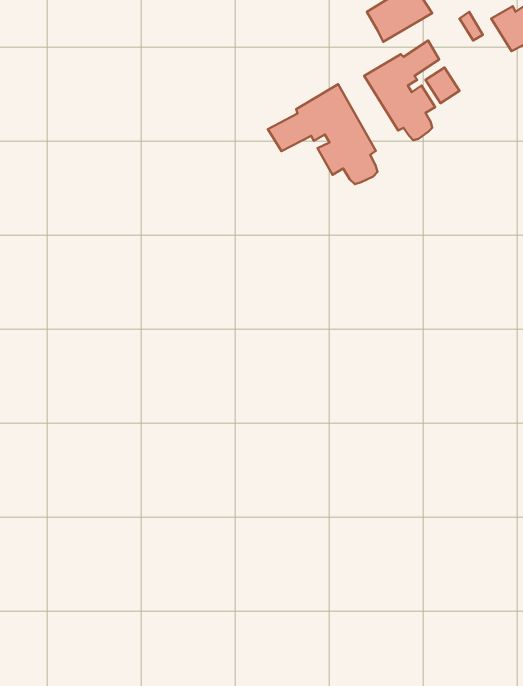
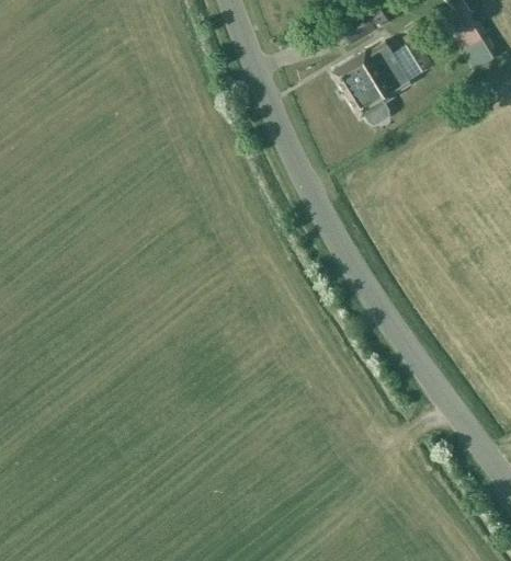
building: [268,84,378,184] -> none

